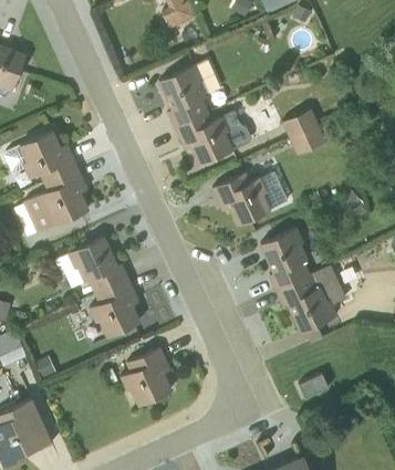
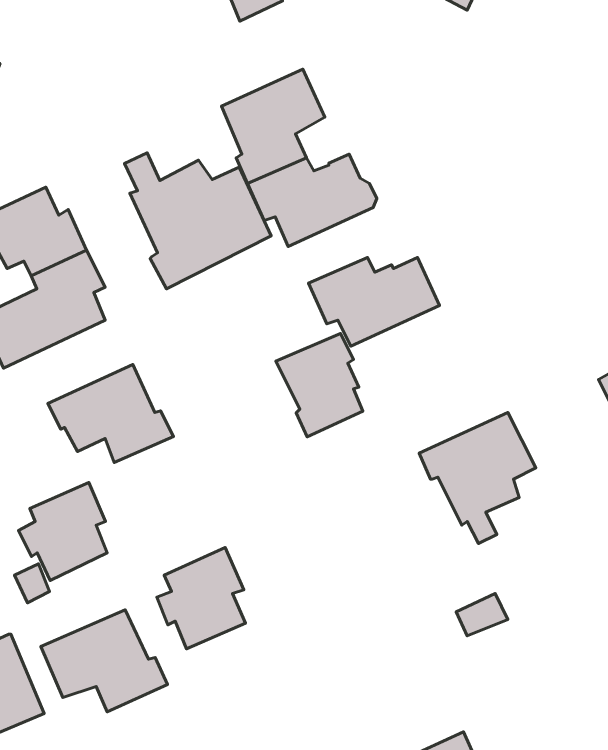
building: [285,105,329,150] -> none
building: none -> [125,153,271,289]
building: [258,227,310,289] -> [276,334,363,437]
building: [87,279,141,337] -> [19,483,107,580]
building: none -> [41,610,168,712]

